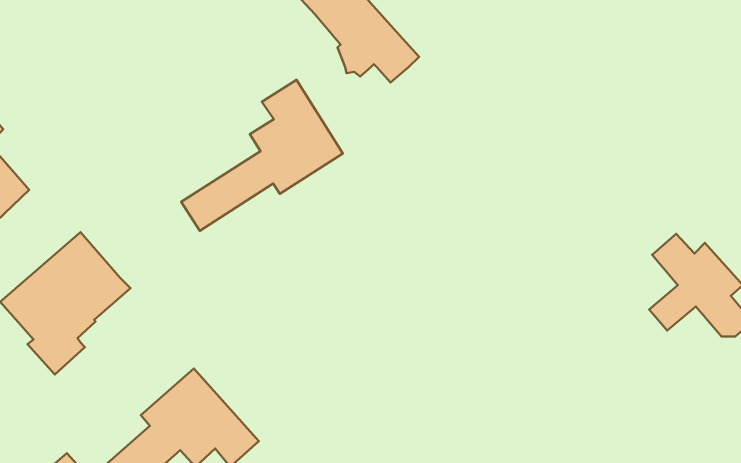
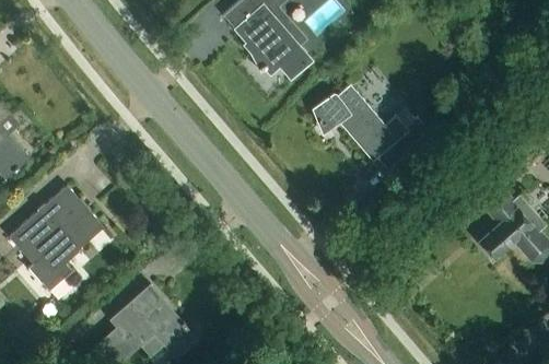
building: [181,80,343,231] -> none
building: none -> [313,84,428,171]

